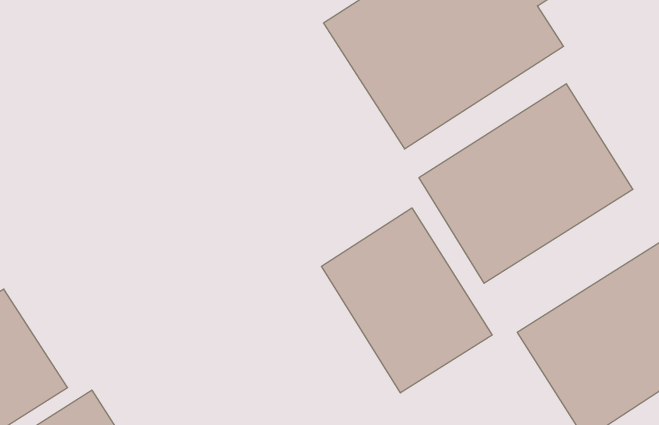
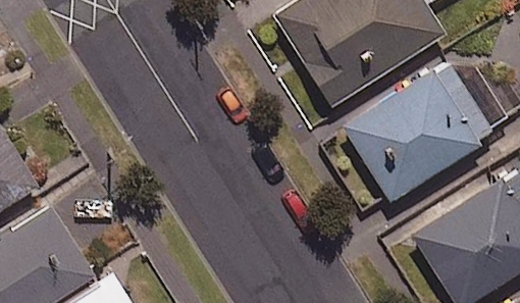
building: [321,208,492,393] -> none

